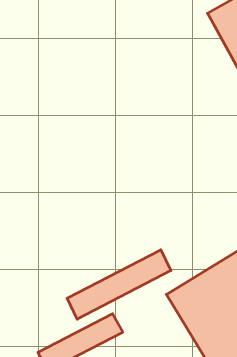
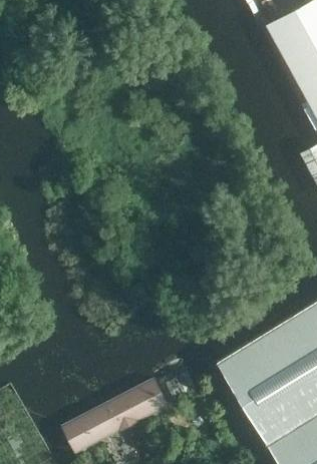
building: [67,250,171,319] -> none

